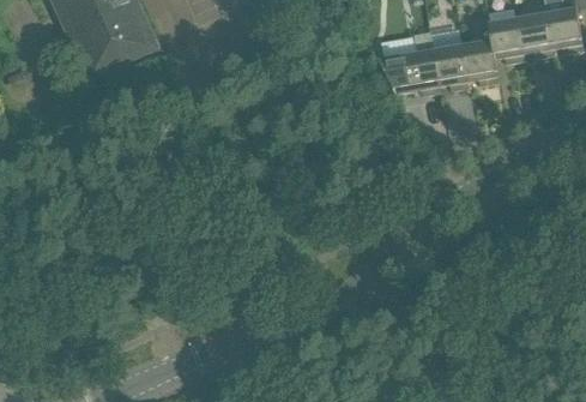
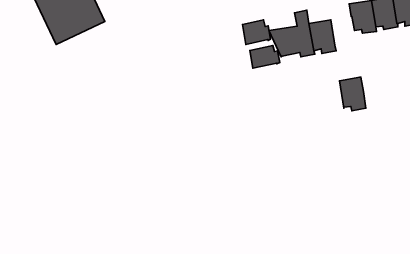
building: [461,37,497,83] -> [340,77,366,111]
building: none -> [242,20,271,45]
building: none -> [250,46,280,68]

